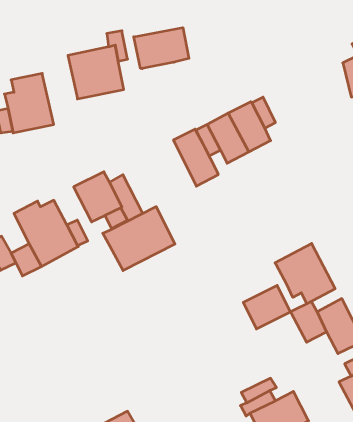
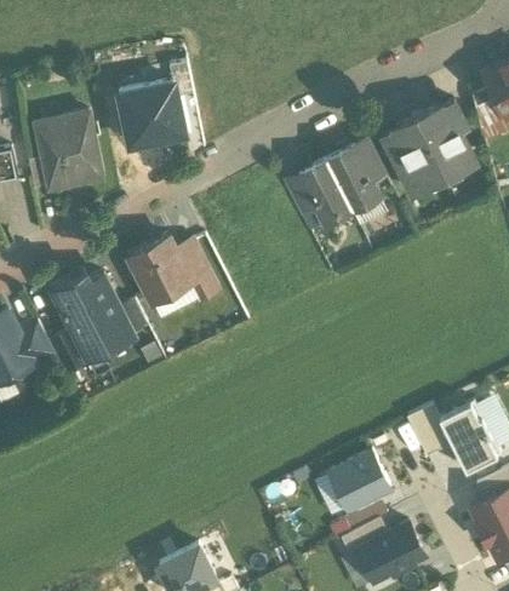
building: [134,28,189,69] -> none
building: none -> [384,104,474,195]
building: [174,129,218,186] -> none
building: [103,207,175,271] -> none
building: [275,243,335,304] -> none
building: [243,285,291,329] -> [328,453,389,509]

